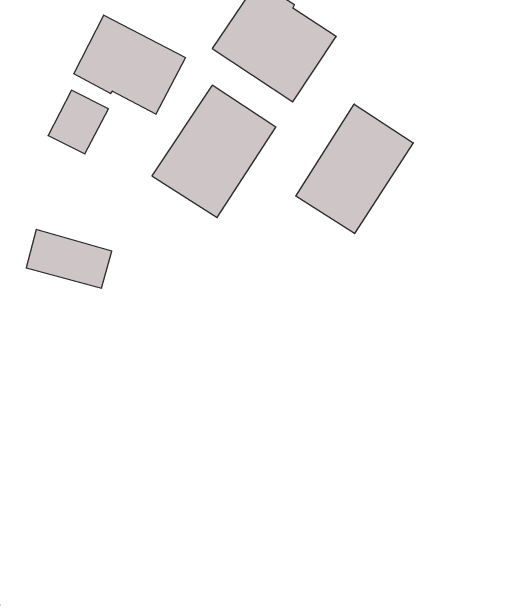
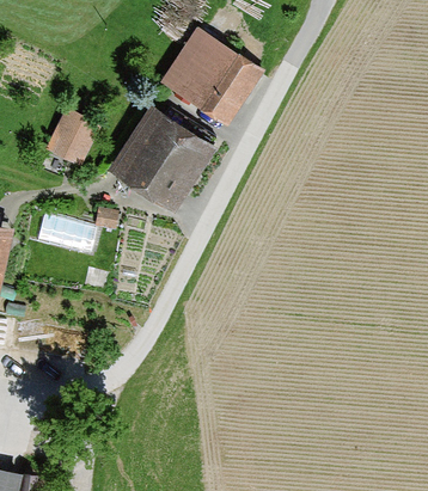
building: [74,15,185,114] -> none
building: [296,104,413,234] -> none

